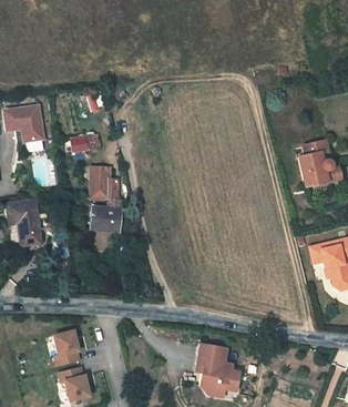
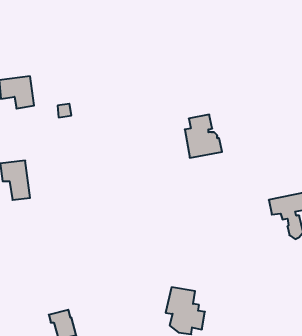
building: [297,138,339,186] -> [185,115,222,158]
building: [90,167,121,232] -> none
building: [55,333,82,367] -> none

